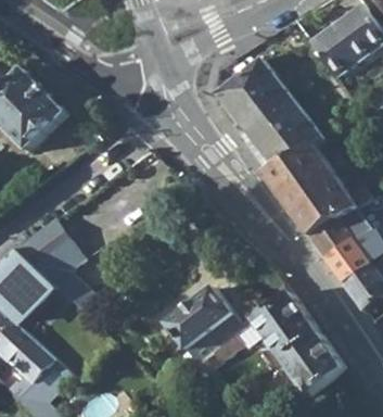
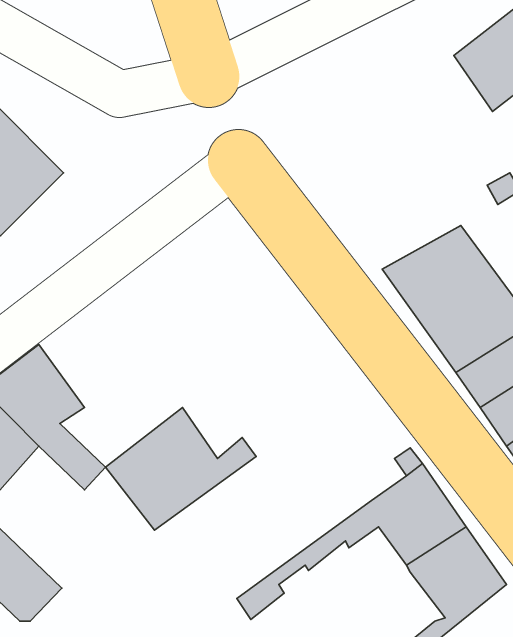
building: [216,65,317,174] -> none
building: [165,287,258,363] -> [106,408,256,530]

